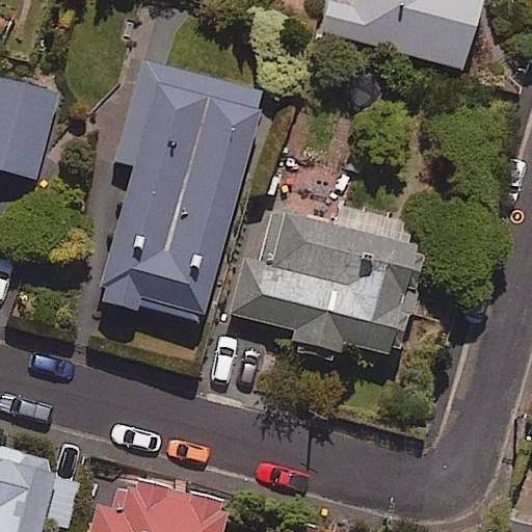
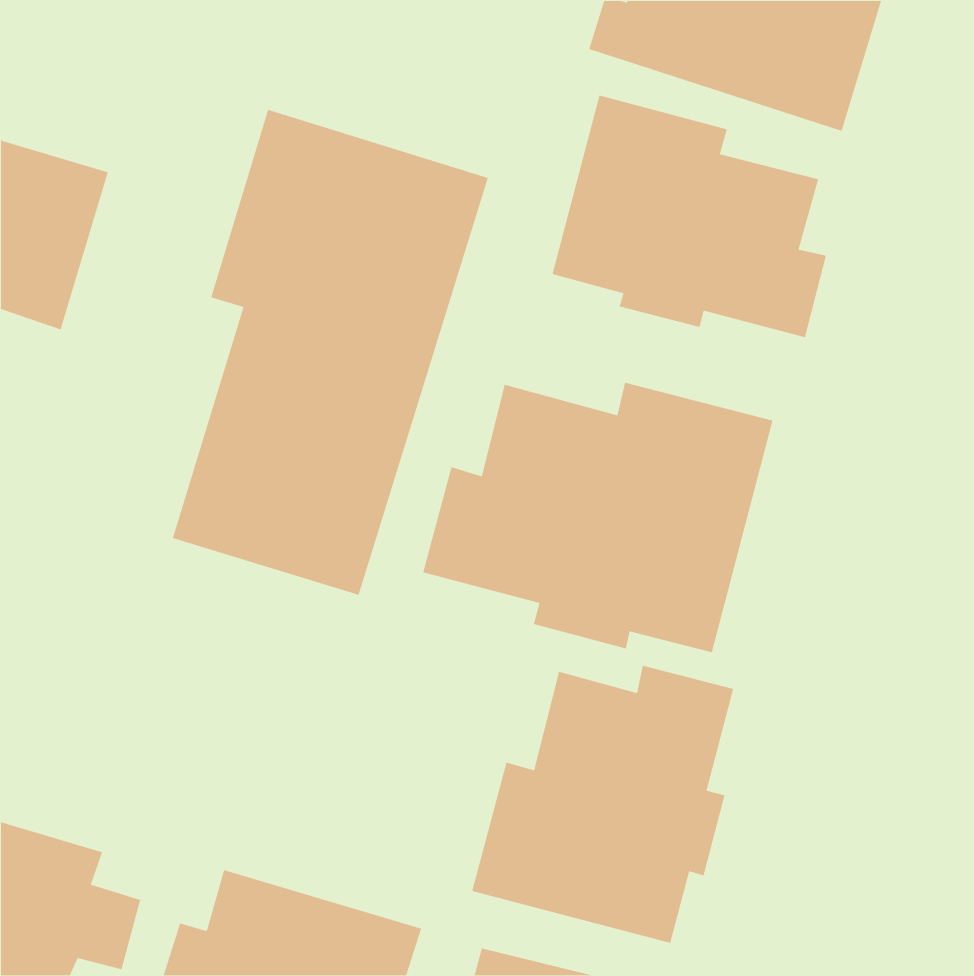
building: none -> [551,94,827,338]
building: none -> [471,665,734,944]

